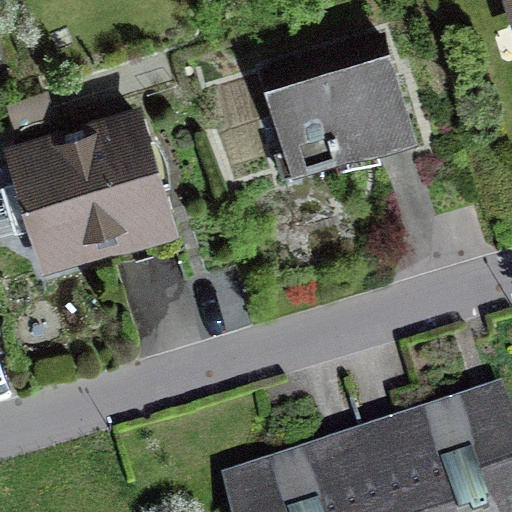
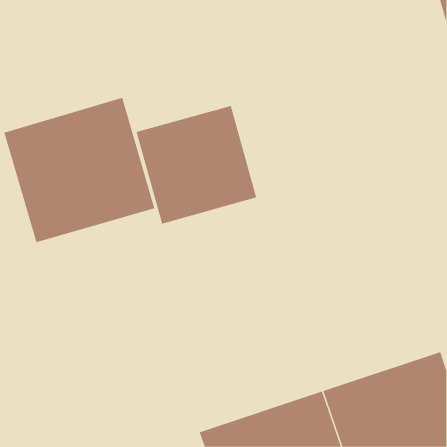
building: [266,54,417,179] -> none
building: none -> [136,105,257,225]

